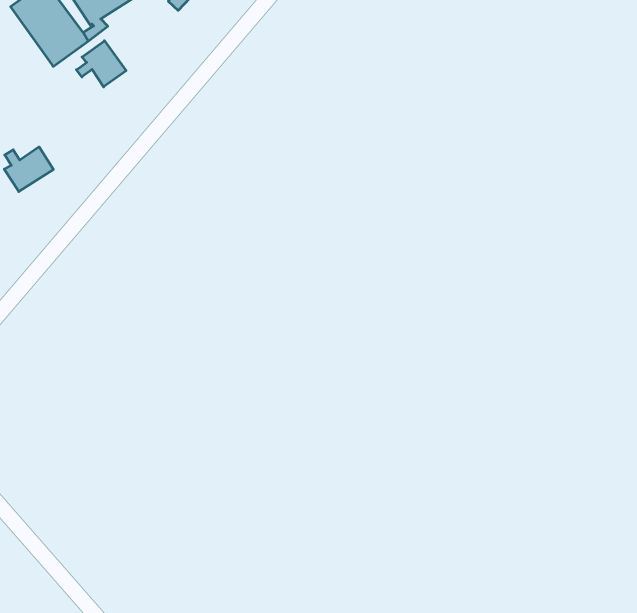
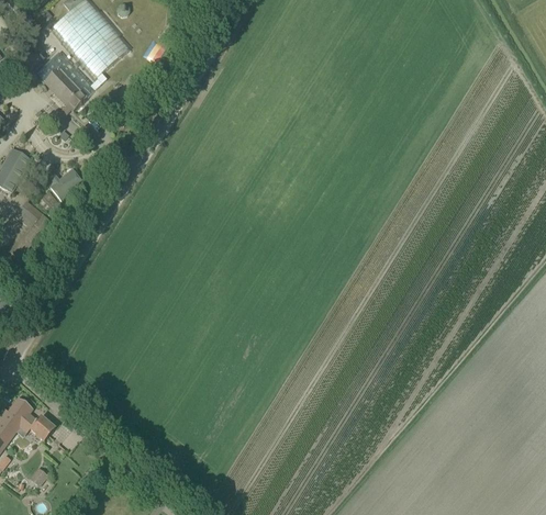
building: [76,41,126,87] -> none

